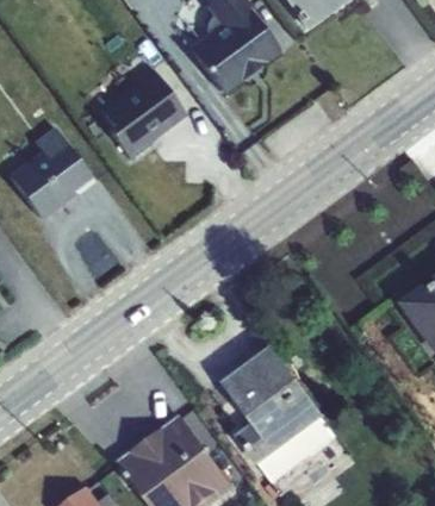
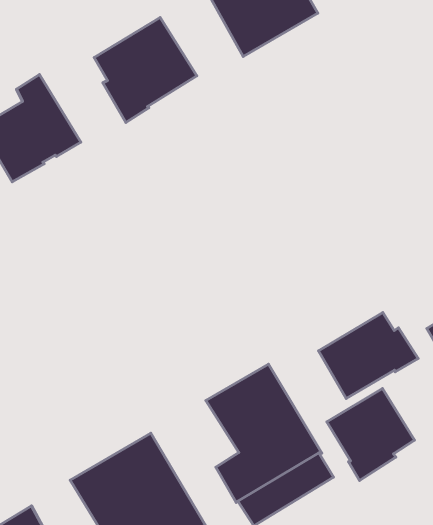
building: none -> [319,313,418,398]
building: none -> [327,388,415,480]

